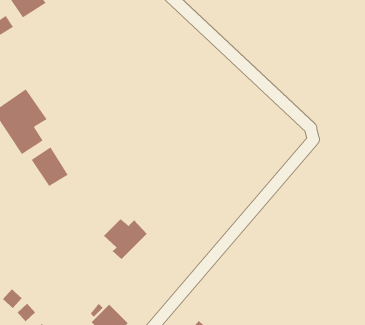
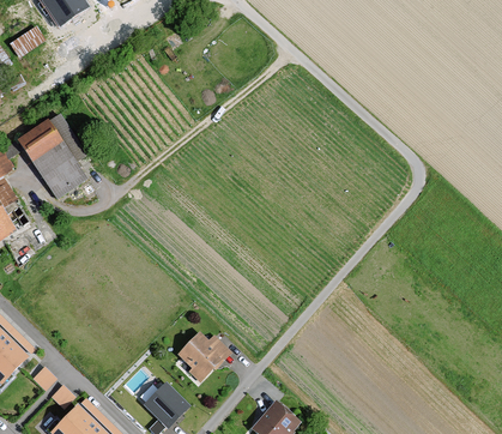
building: [31,147,69,187] -> none
building: [103,219,148,260] -> [176,333,231,385]

